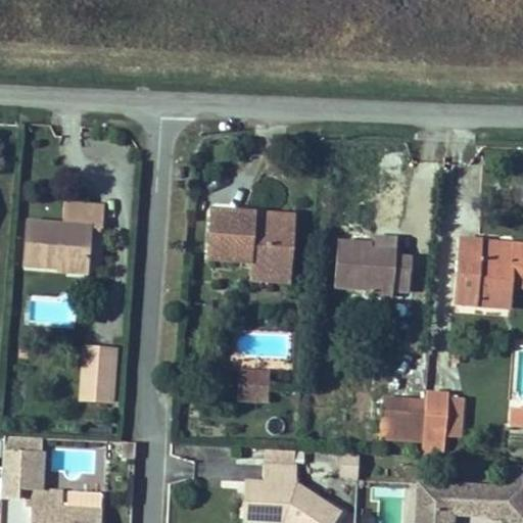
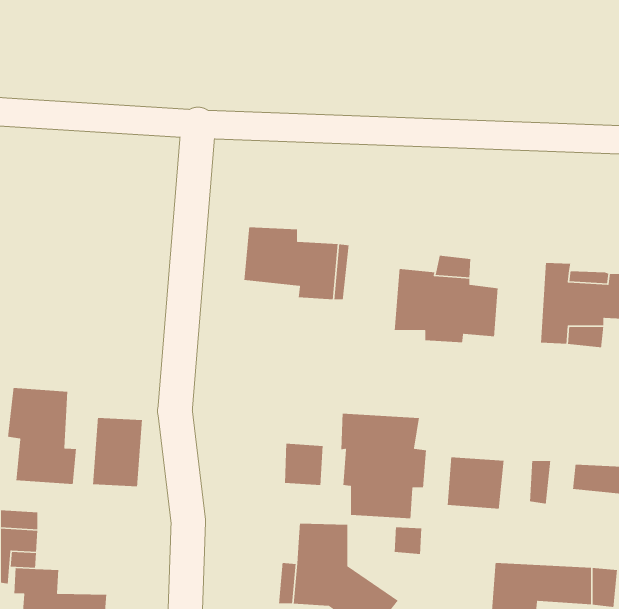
building: [22,198,105,268] -> none
building: none -> [7,387,77,485]
building: none -> [341,413,427,519]
building: [423,390,450,440] -> none

